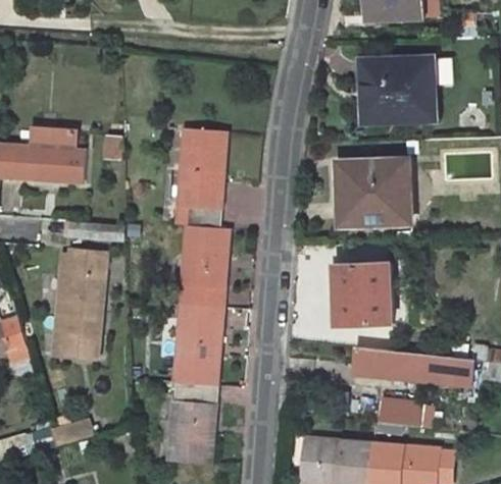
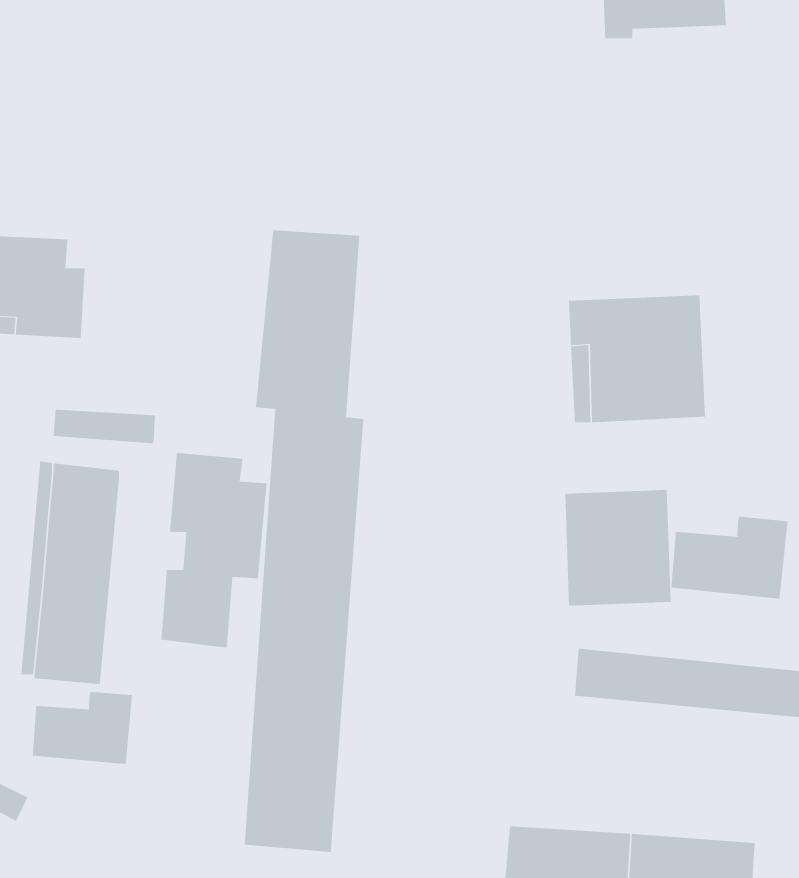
building: [364,55,435,121] -> none
building: none -> [161,452,267,648]
building: none -> [671,516,788,600]
building: none -> [32,691,132,765]
building: [379,404,421,429] -> none

